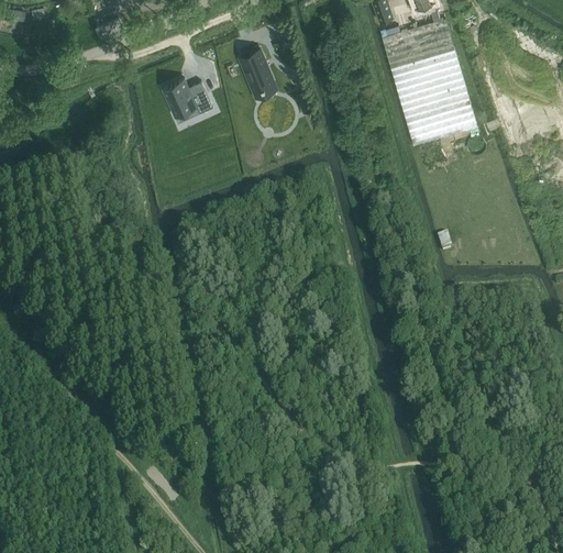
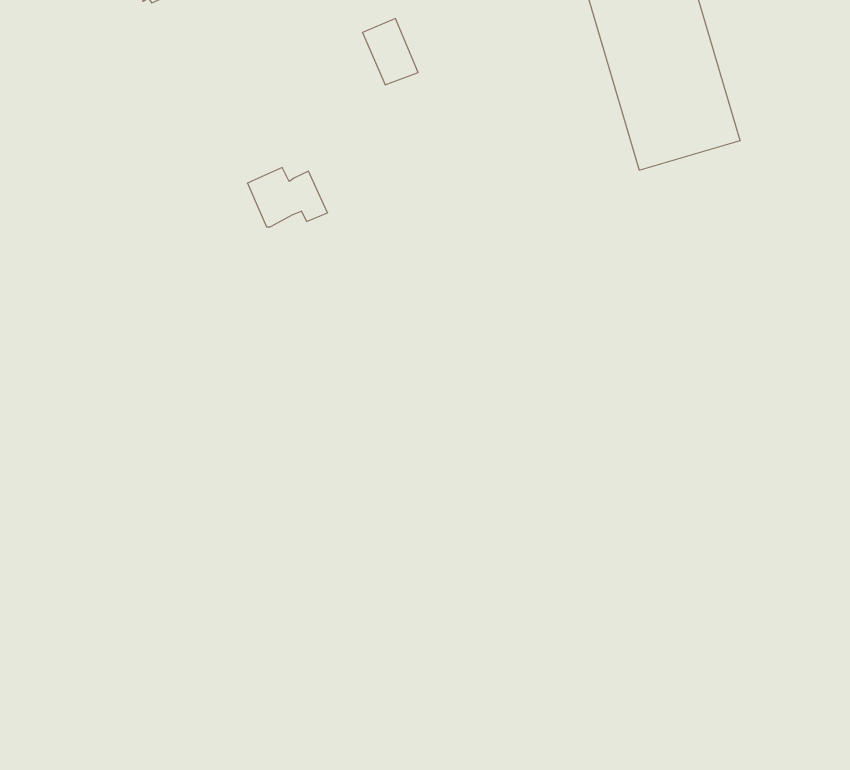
building: [163,80,213,118] -> [247,168,328,227]

